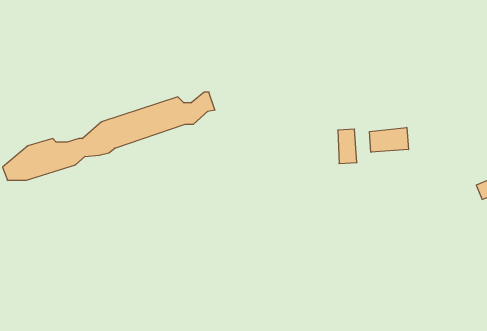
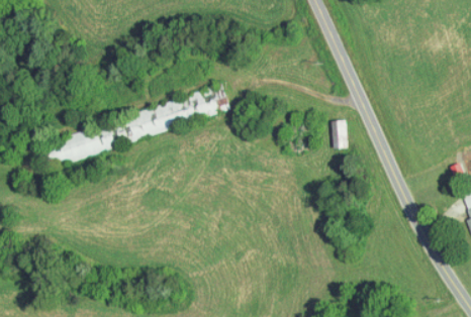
building: [369,127,408,152] -> none

